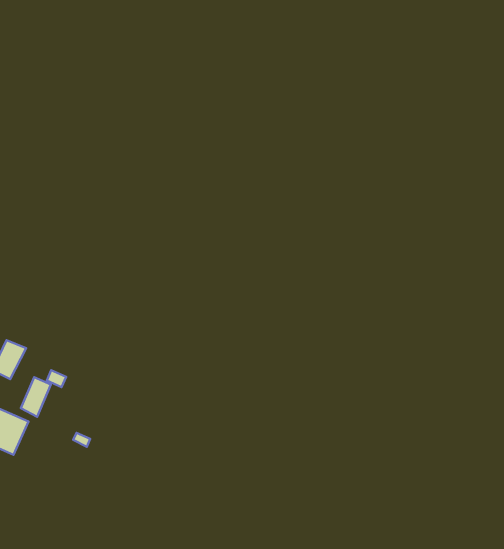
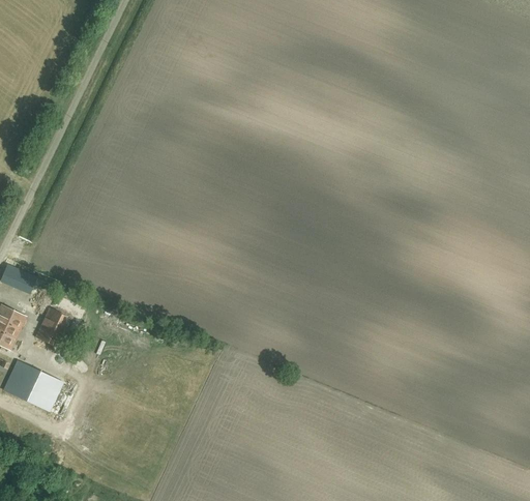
building: [21,377,51,417] -> none

